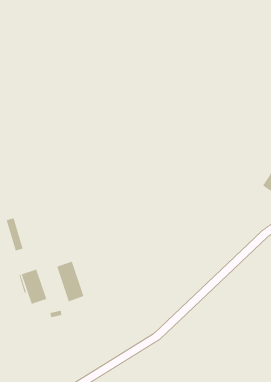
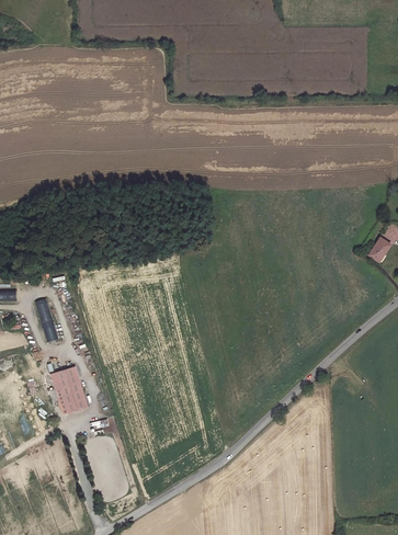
building: [56,261,84,302] -> none

